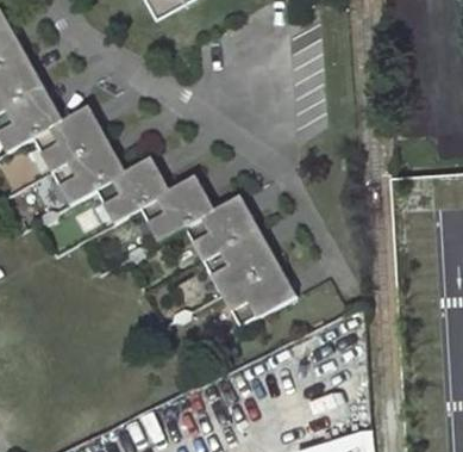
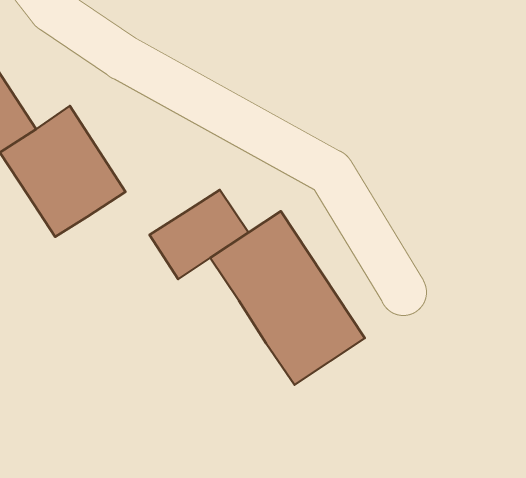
building: [95,159,169,222] -> none

